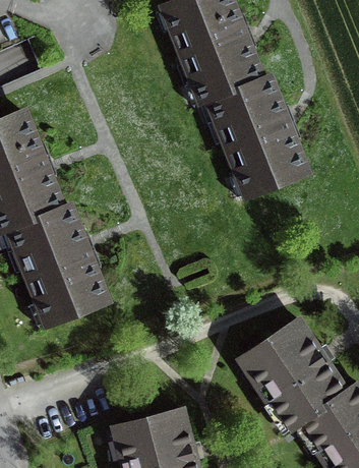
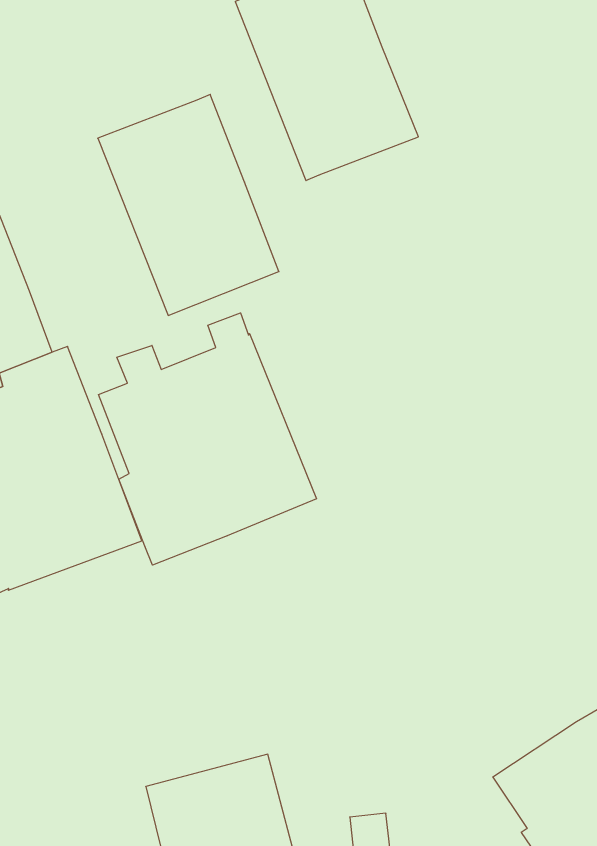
building: [207,78,304,196] -> [98,94,279,315]
building: none -> [98,313,316,565]
building: [240,321,345,430] -> none

